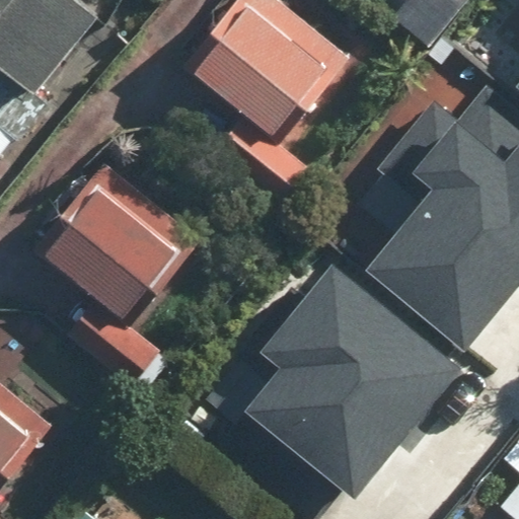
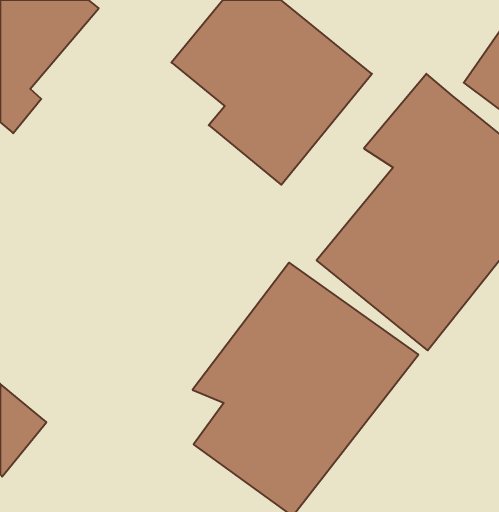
building: [48,168,207,319] -> none

